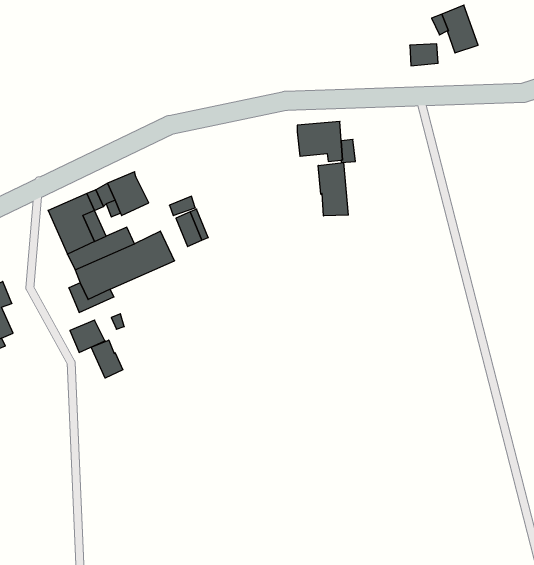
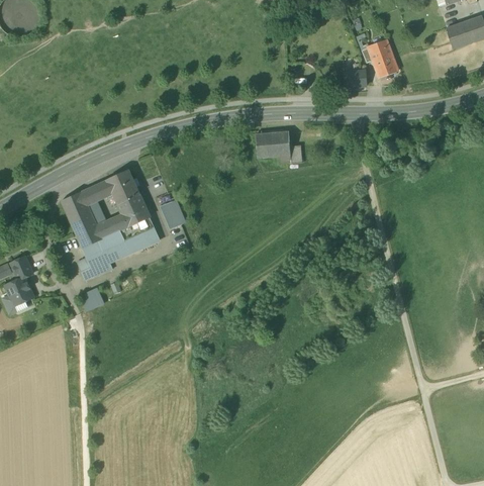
building: [318,162,348,216] -> none
building: none -> [118,194,150,226]
building: [91,340,123,378] -> none

